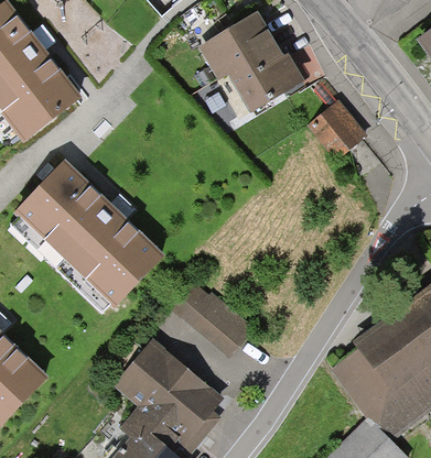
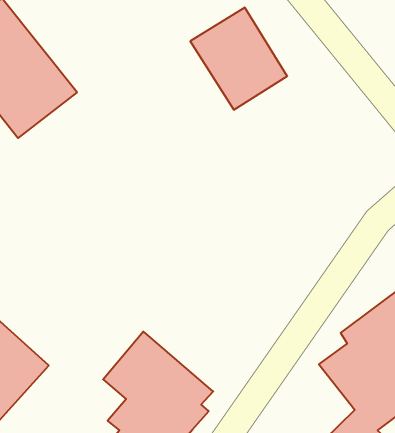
building: [305,100,364,160] -> none
building: [14,159,169,310] -> none
building: [168,281,252,357] -> none

